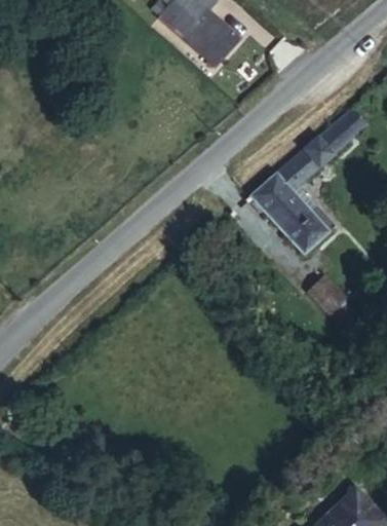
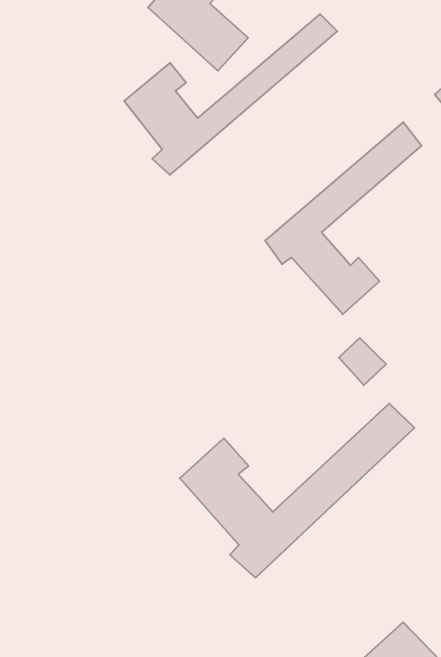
building: none -> [124,14,337,175]
building: none -> [180,403,414,578]

